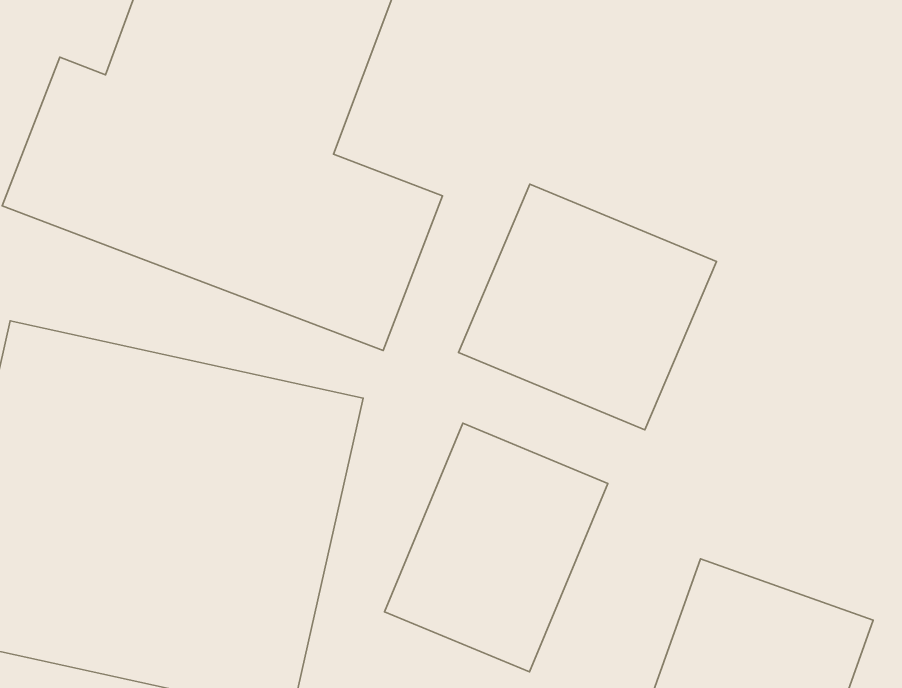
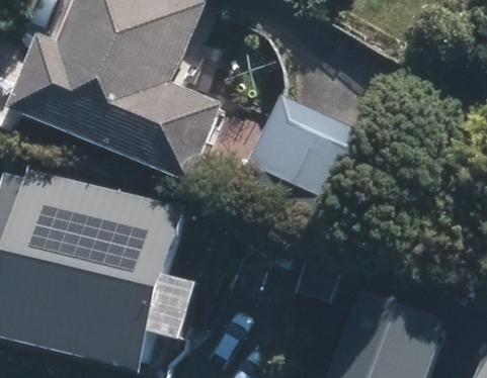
building: [385,423,608,672] -> none

